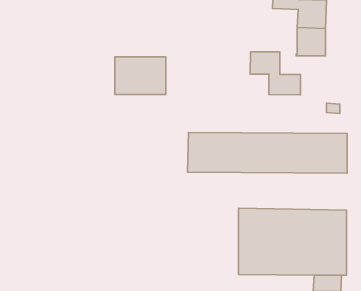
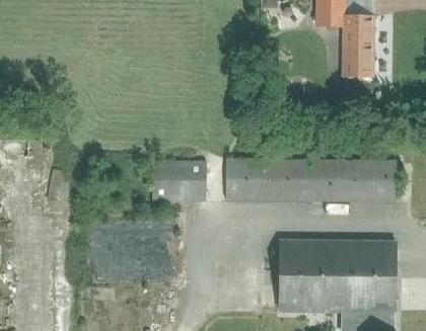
building: [250,52,300,95] -> none
building: [115,57,166,95] -> [152,160,207,200]

